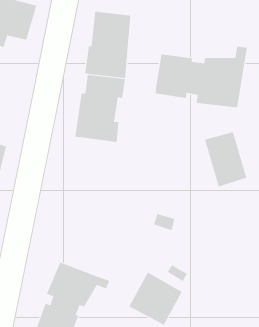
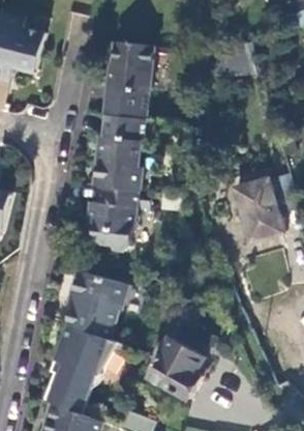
building: [155,46,247,108] -> none
building: none -> [87,184,150,251]
building: none -> [70,268,130,341]

